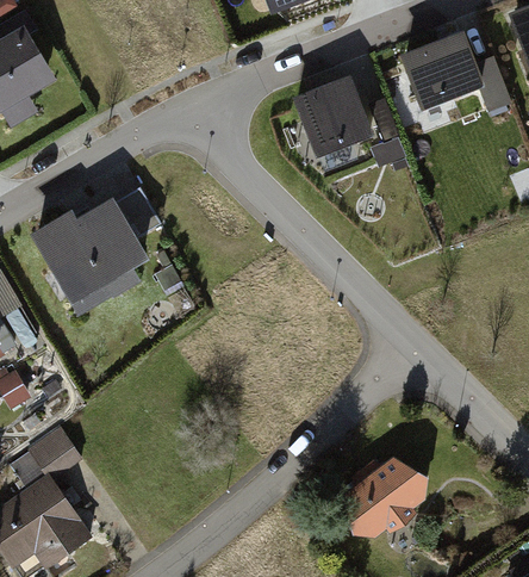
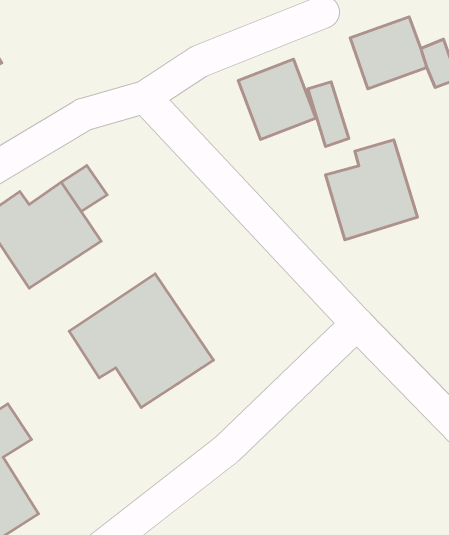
building: none -> [325,140,418,240]
building: none -> [69,274,214,408]
building: [342,460,438,551] -> none

